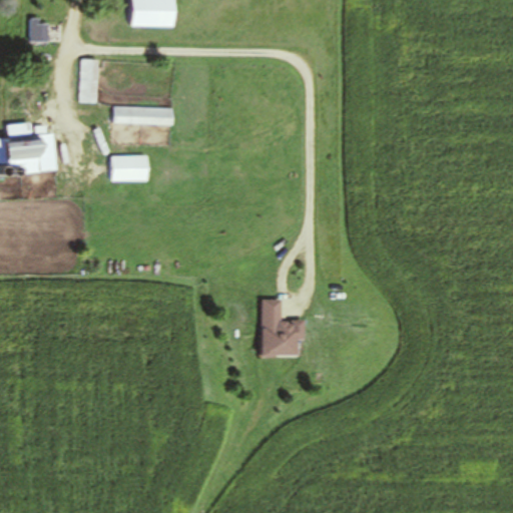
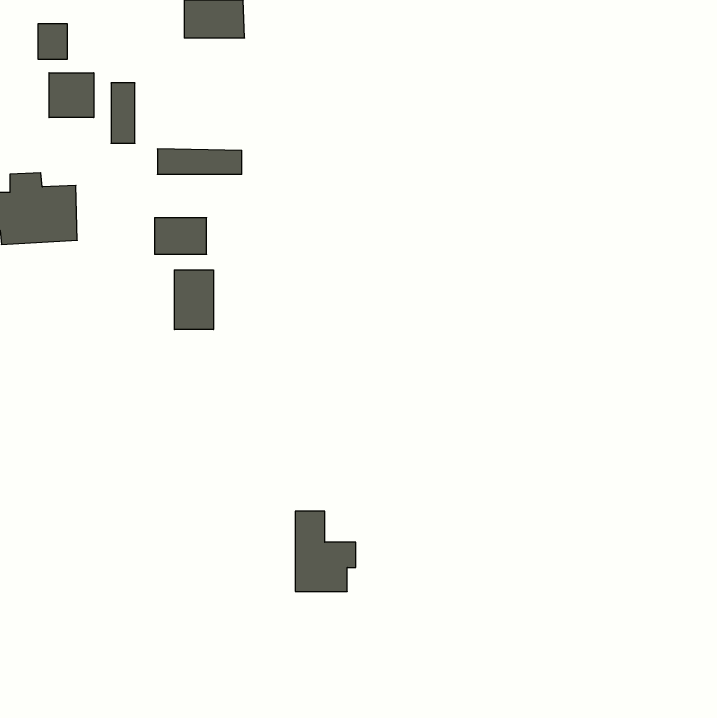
building: none -> [49,73,94,118]
building: none -> [174,270,213,330]
building: [261,300,304,357] -> [295,511,356,591]

